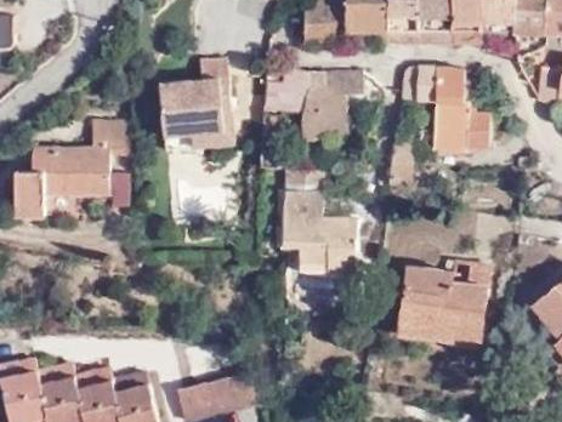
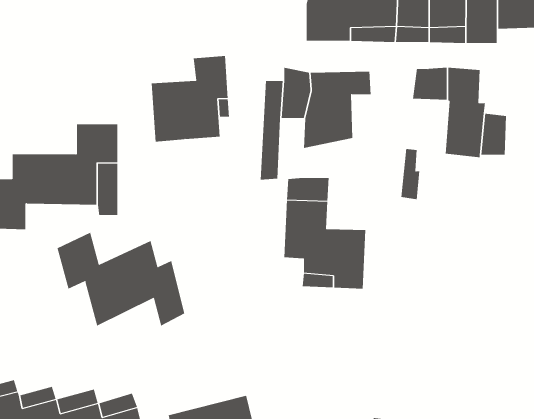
building: none -> [57,232,185,326]
building: [397,266,486,343] -> none

